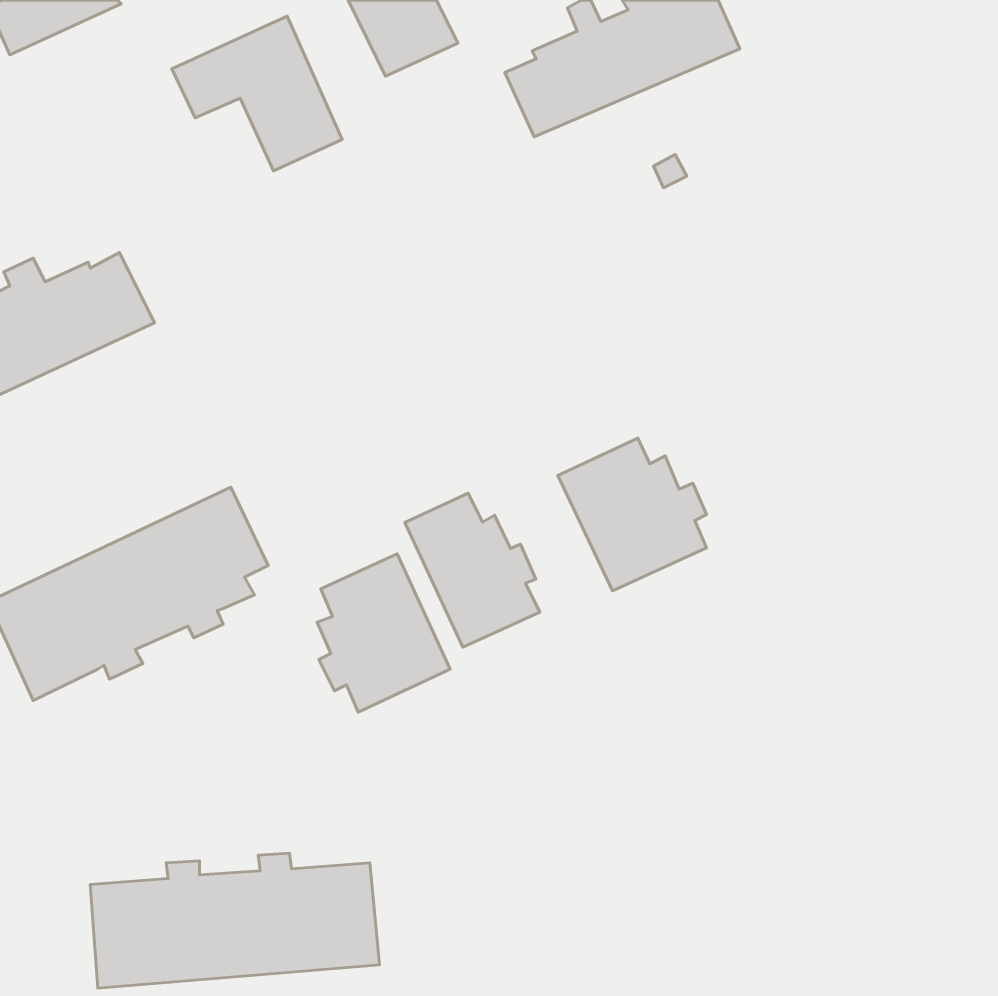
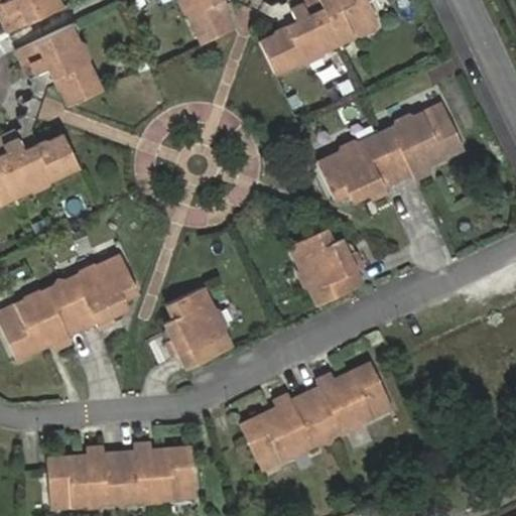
building: [172,16,342,171] -> [13,24,101,104]
building: none -> [315,103,463,204]
building: [405,493,540,647] -> none
building: none -> [240,361,392,472]

